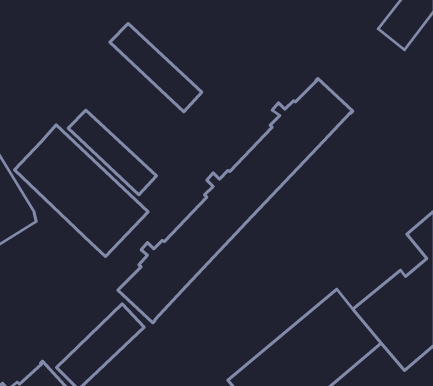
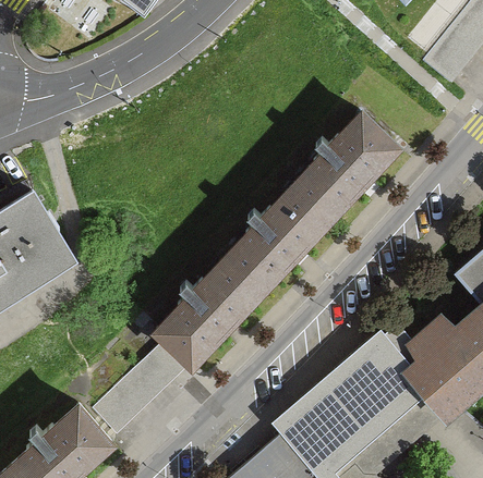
building: [110,24,202,112] -> none
building: [68,110,156,195] -> none
building: [14,125,148,256] -> none

